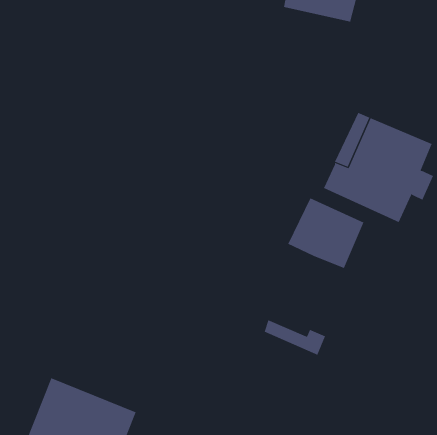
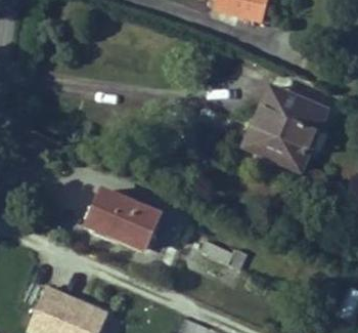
building: [288,198,364,269] -> none
building: none -> [89,191,160,249]

